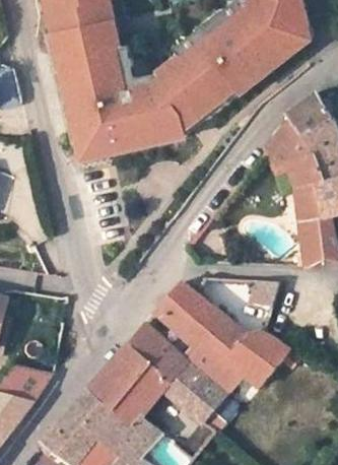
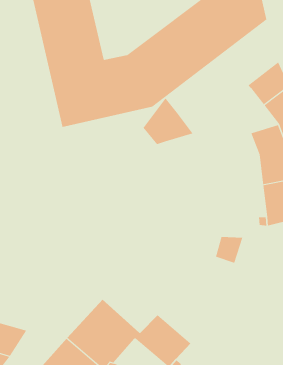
building: [263,117,319,169] -> [142,97,194,145]
building: [158,282,296,393] -> none
building: [127,323,187,383] -> none

